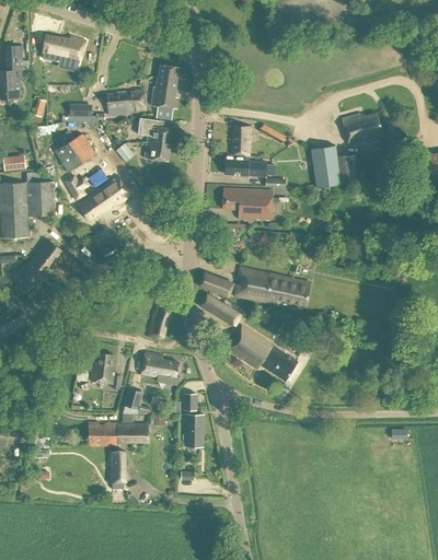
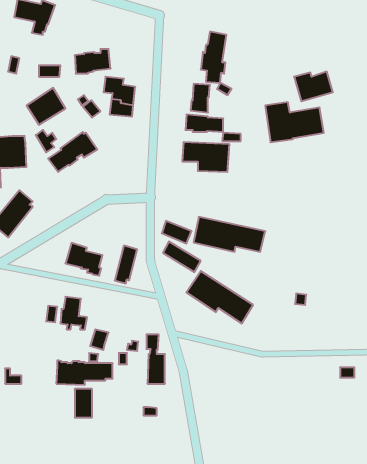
building: [151,65,178,119] -> [201,32,226,83]
building: [139,353,178,388] -> [65,243,102,276]

